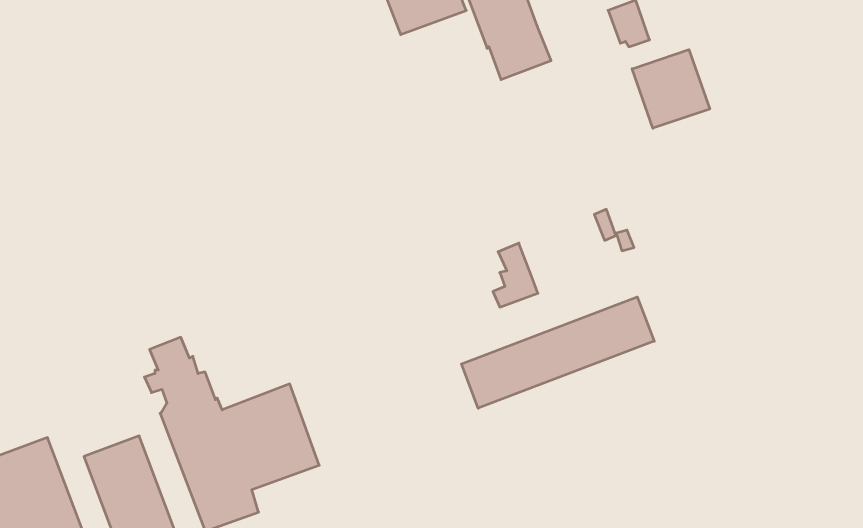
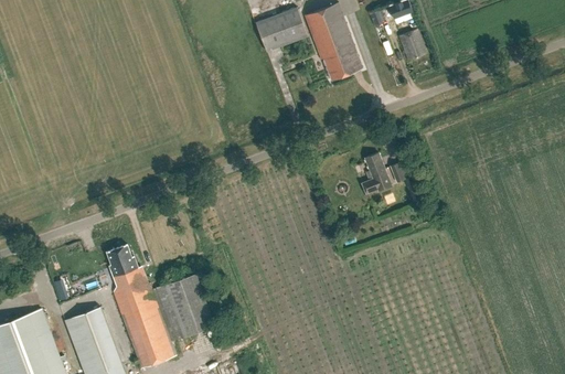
building: [632,50,710,128] -> none
building: [493,243,538,307] -> [361,152,390,193]
building: [461,297,654,408] -> none

